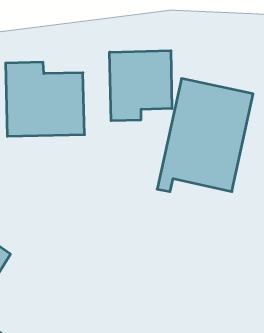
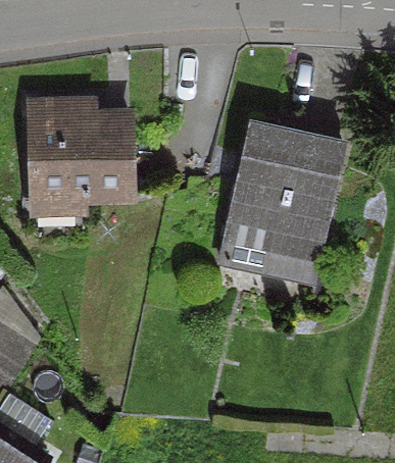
building: [110,51,172,121] -> none

